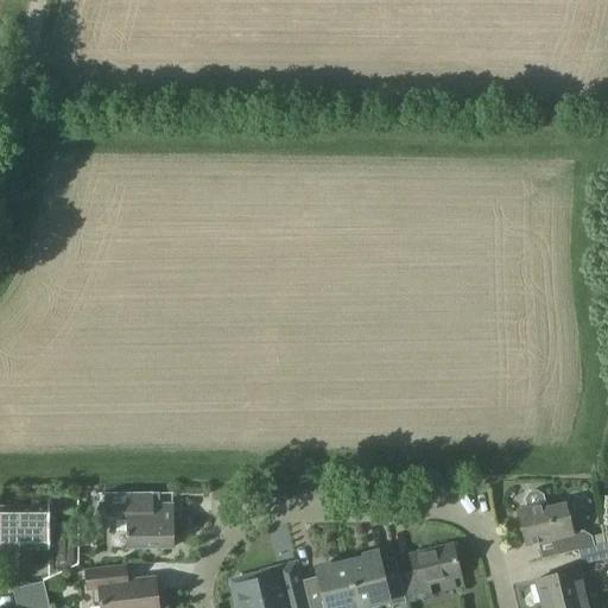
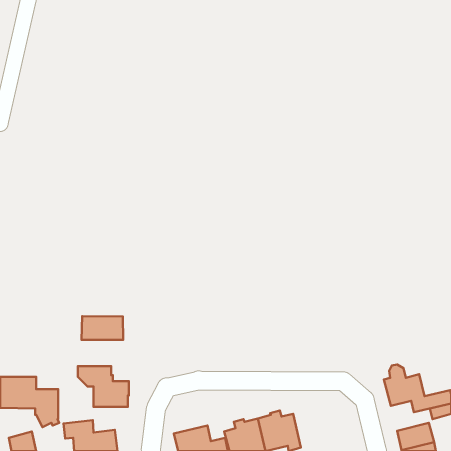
building: none -> [81,316,123,340]
building: [399,544,460,602] -> none

